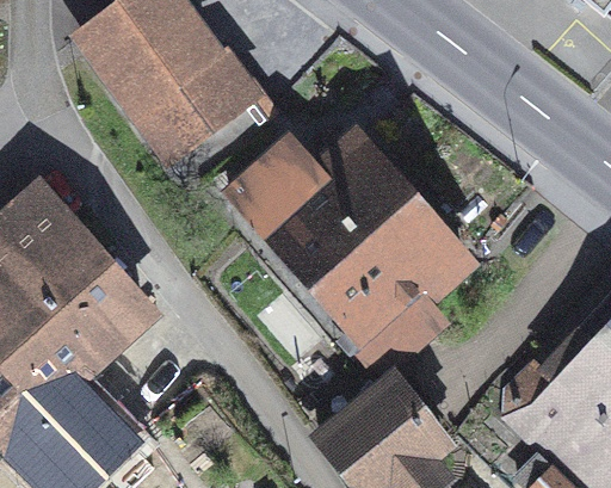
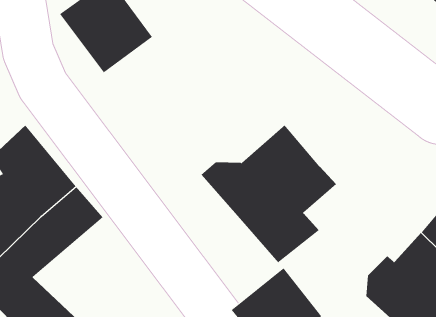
building: [146,49,278,181] -> none
building: [232,132,395,245] -> none

